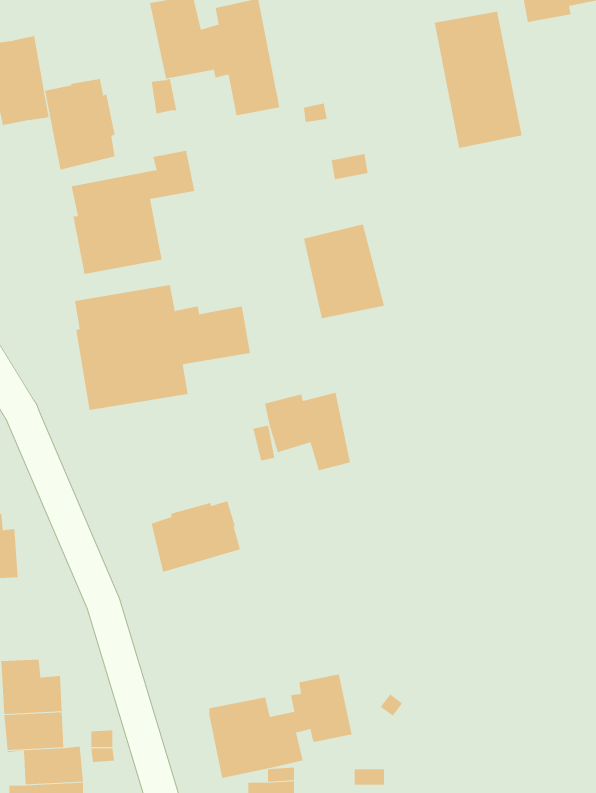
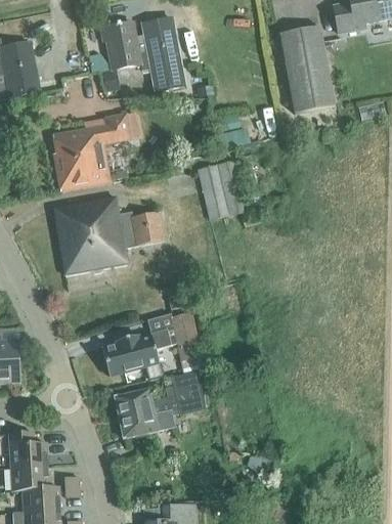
building: [45,78,115,170] -> none
building: [264,392,351,471] -> [147,311,202,360]
building: [208,674,352,779] -> [114,373,204,438]

